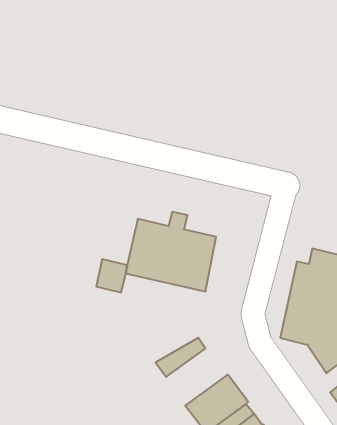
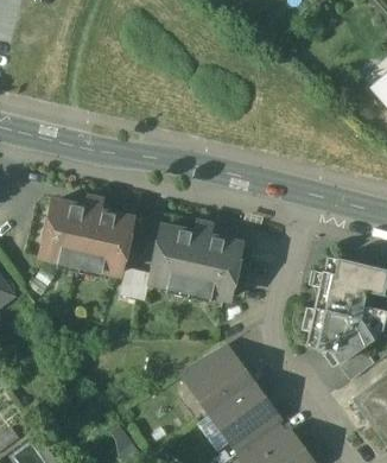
building: none -> [43,195,134,274]
building: none -> [191,355,254,413]

